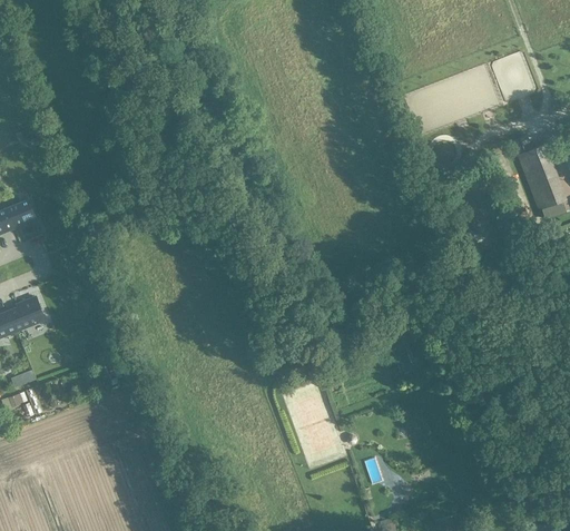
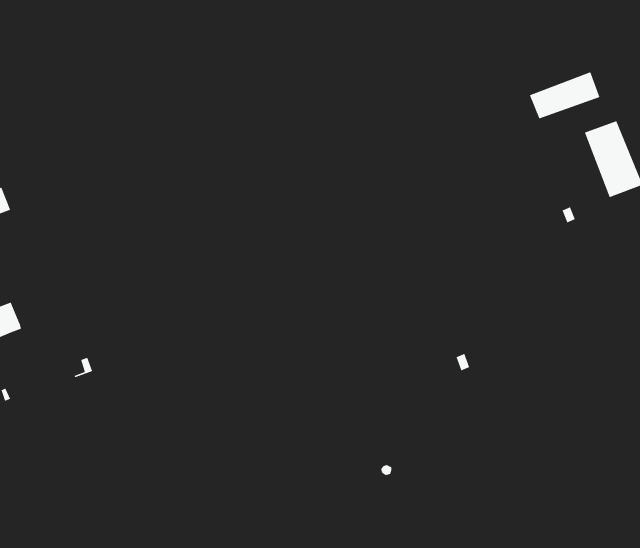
building: none -> [529,71,601,119]

